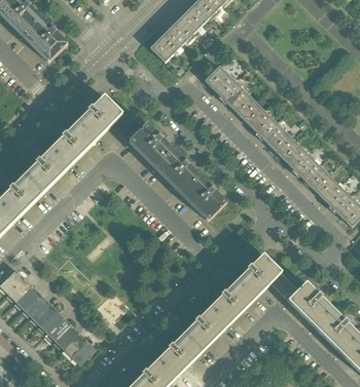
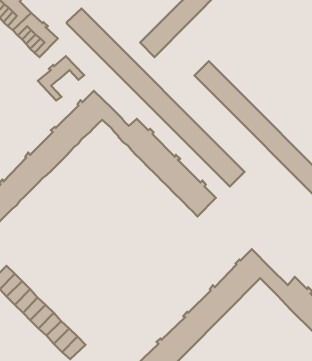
building: none -> [67,9,244,187]
building: none -> [38,56,84,101]

